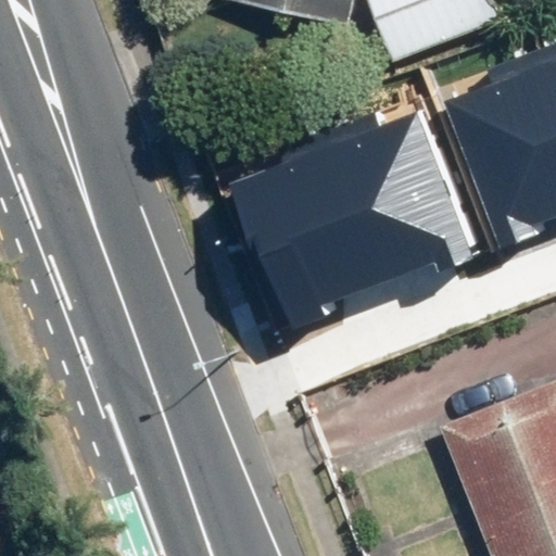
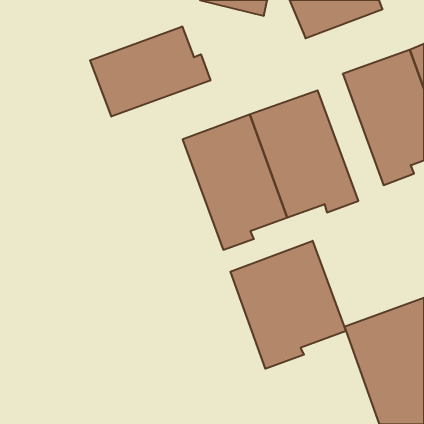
building: none -> [90,26,210,117]
building: none -> [230,241,346,369]

